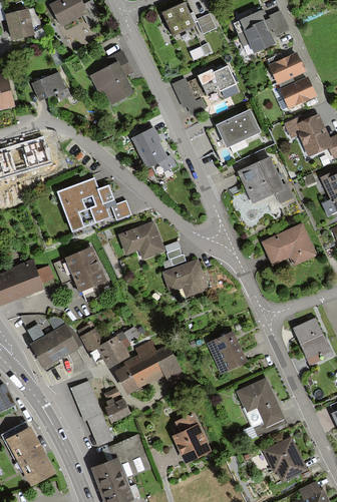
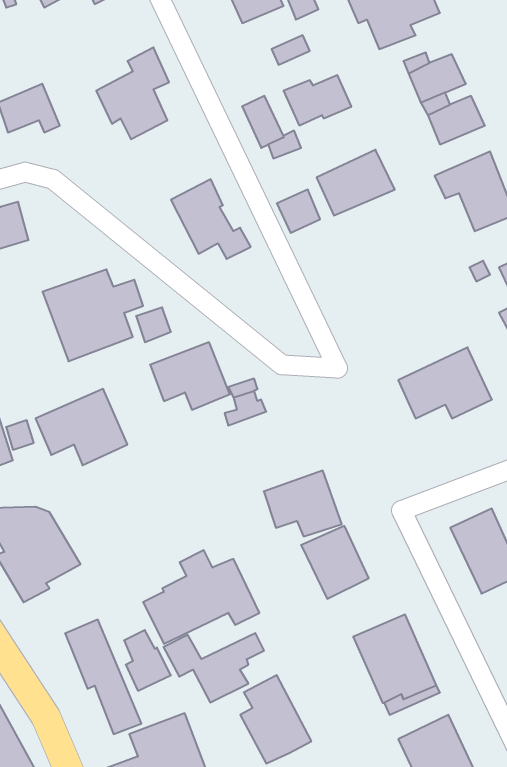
building: [239,156,293,203] -> none
building: [163,259,209,297] -> [264,471,342,536]
building: [81,328,139,368] -> [163,633,264,703]

